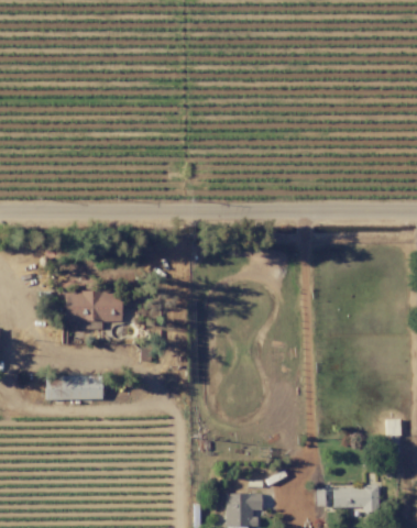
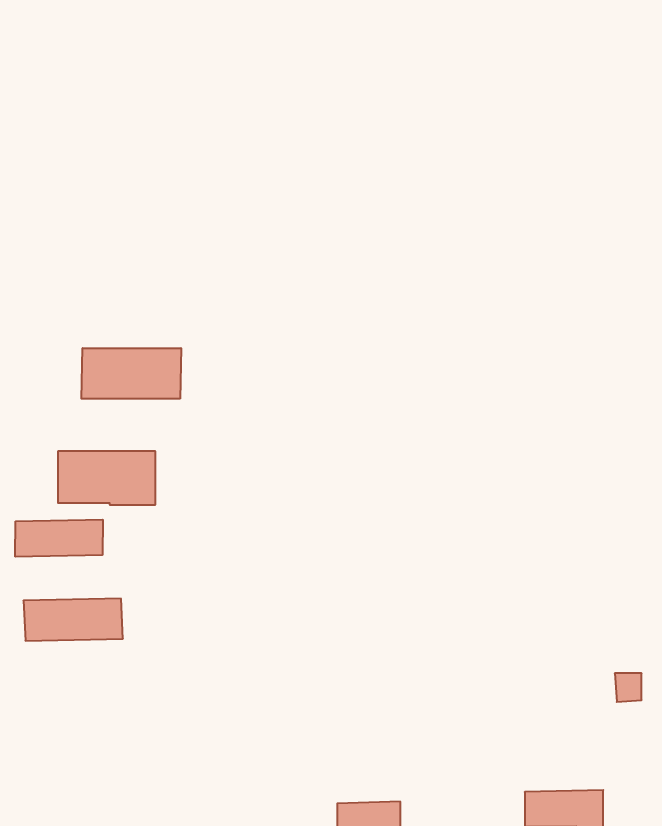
building: none -> [81,348,181,399]
building: none -> [15,520,103,557]

